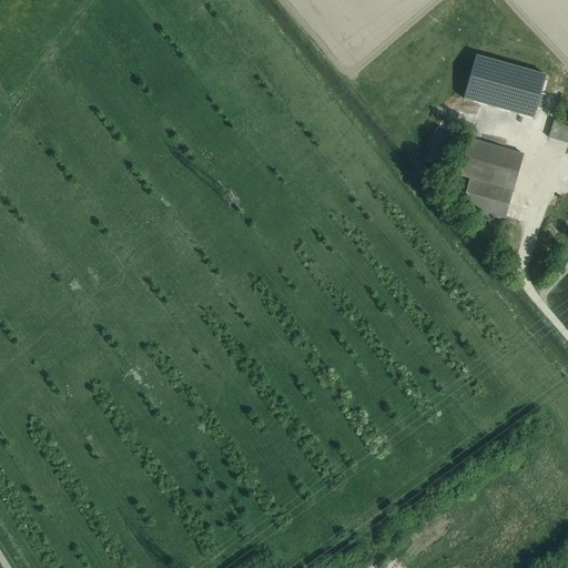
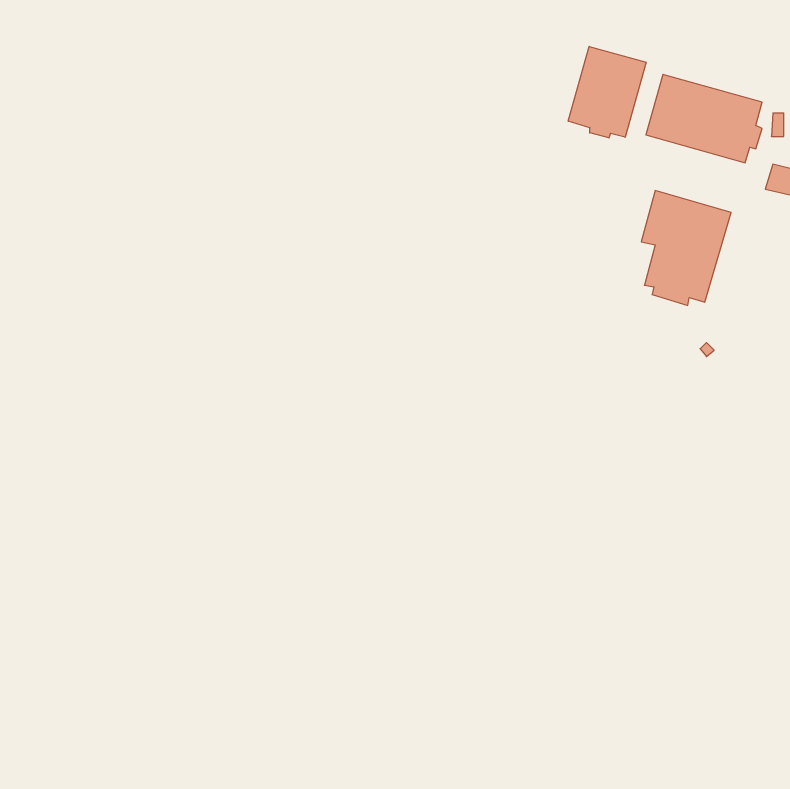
building: none -> [568,46,646,138]

